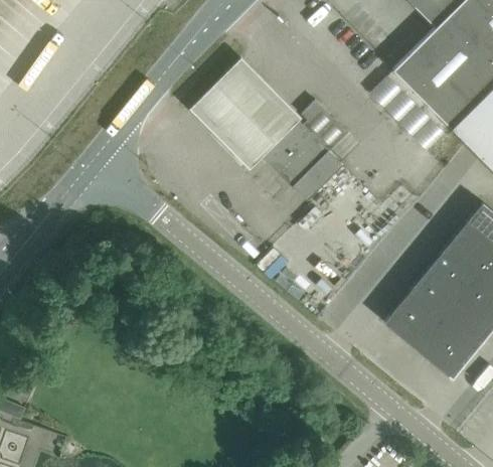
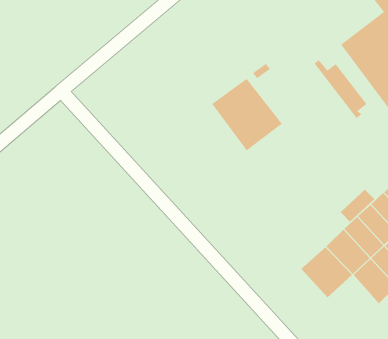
building: [197,63,297,163] -> none
building: none -> [340,189,375,223]
building: [419,320,476,377] -> none

